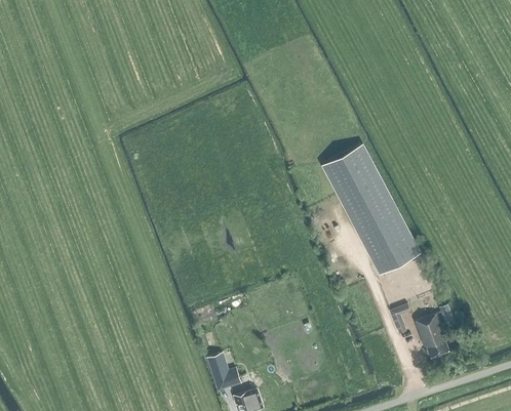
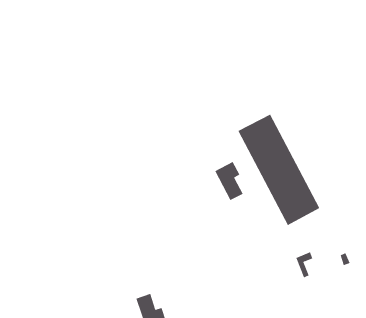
building: none -> [215,161,244,201]
building: [418,315,450,358] -> none

